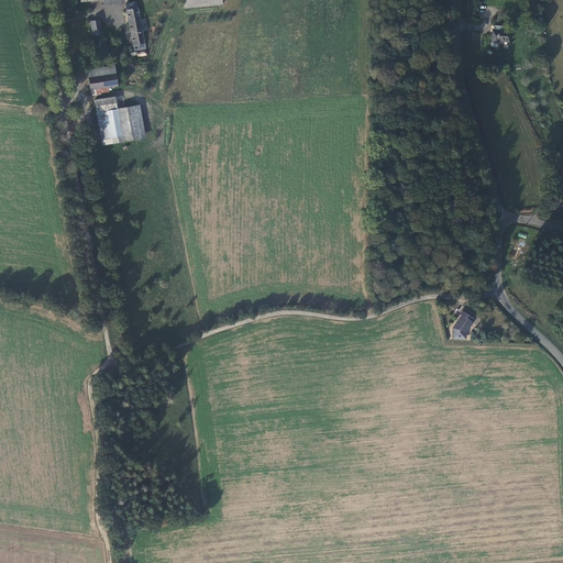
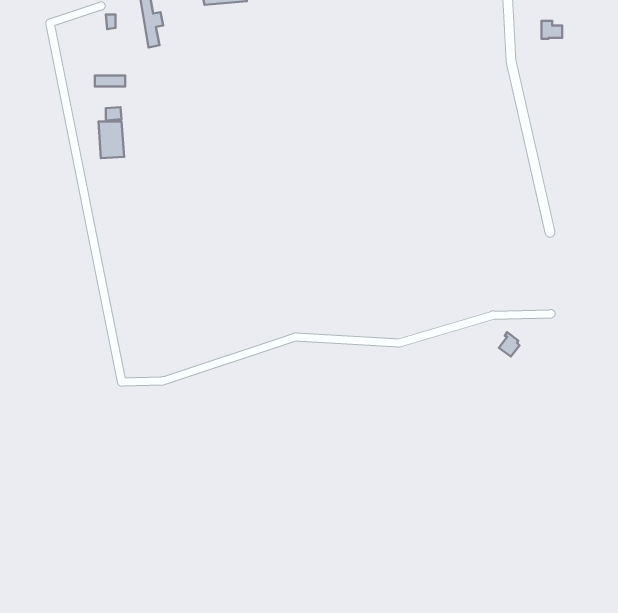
building: [113,109,136,142] -> none

